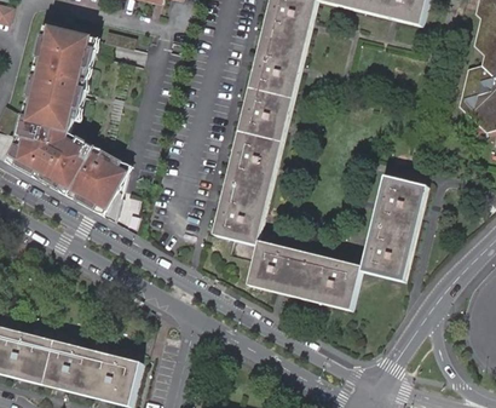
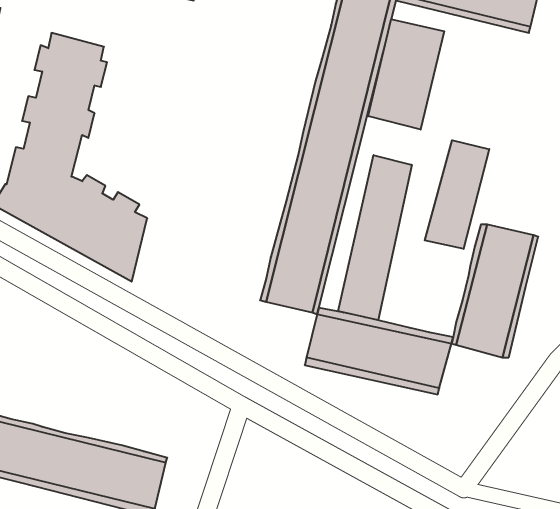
building: none -> [368,19,444,130]
building: none -> [425,140,489,249]
building: none -> [338,155,412,320]

